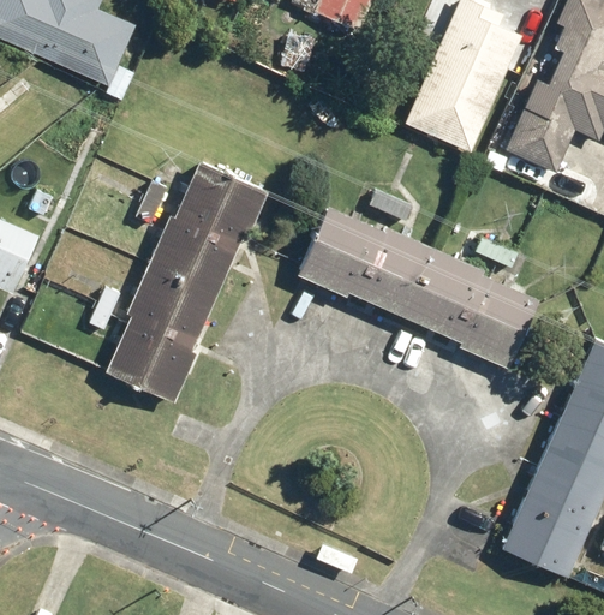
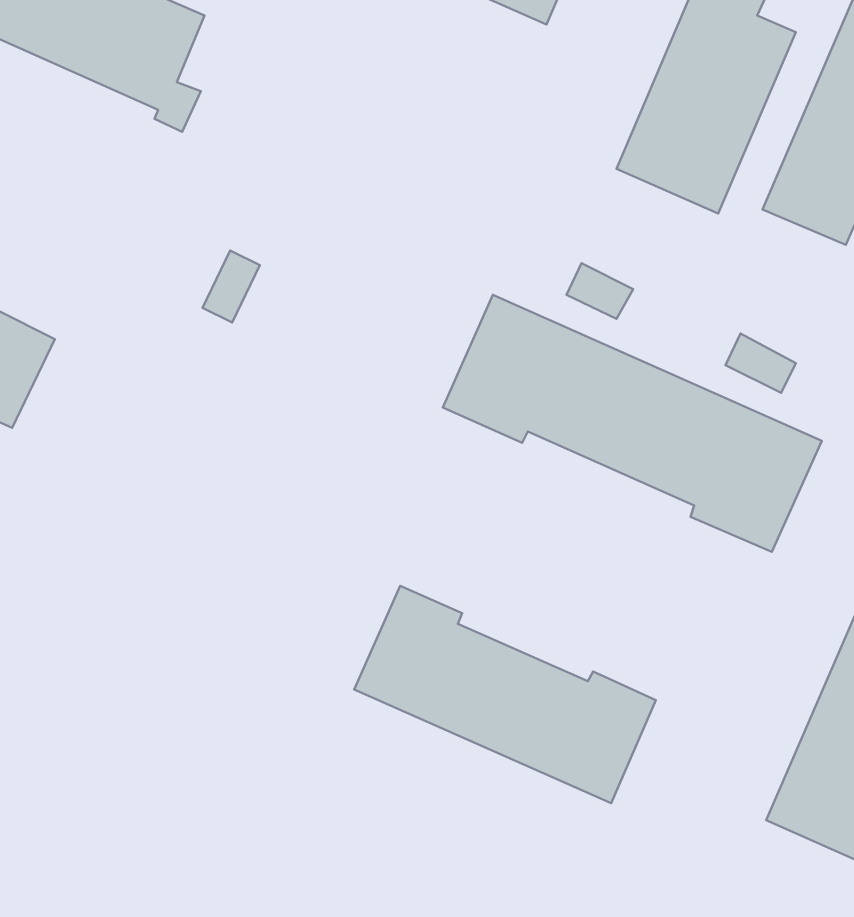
building: [107,155,268,394] -> none
building: none -> [354,586,656,803]

